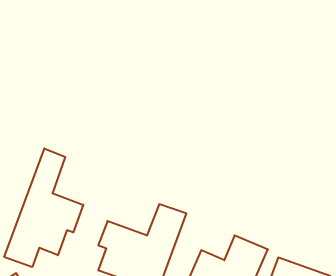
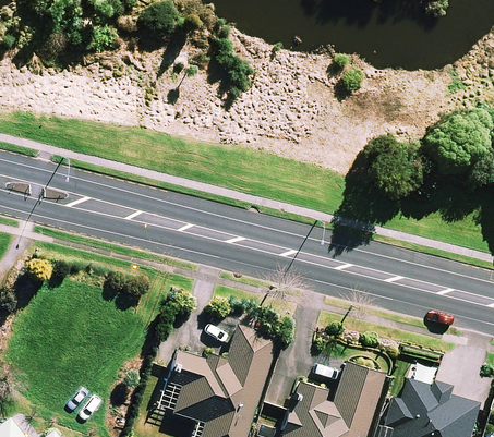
building: [4,148,83,267] -> none

